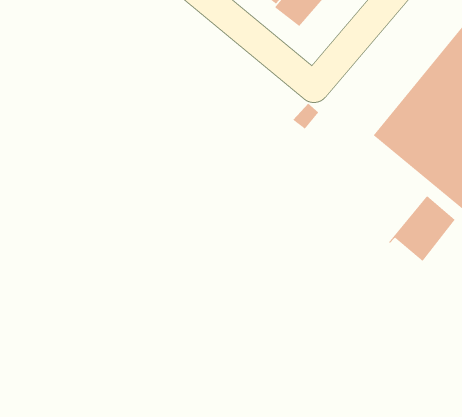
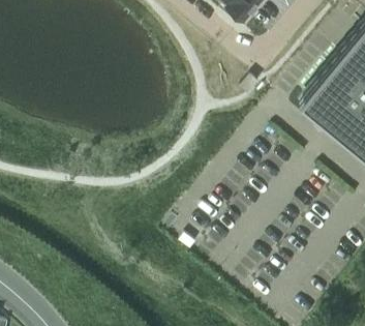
building: [388,195,456,262] -> none

